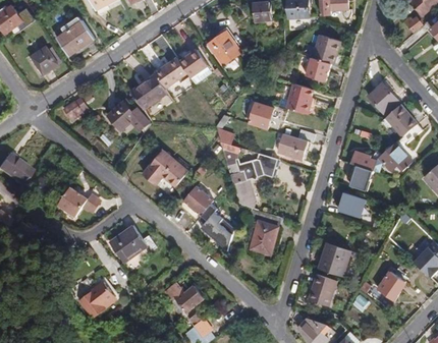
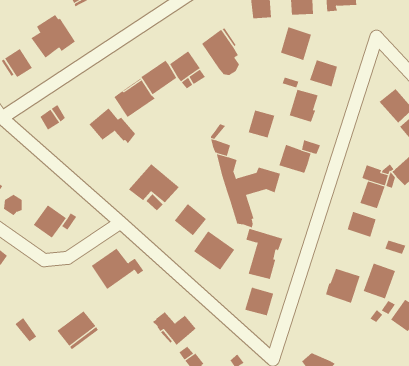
building: [312,34,340,64] -> [280,27,312,61]
building: none -> [244,287,274,316]
building: [308,273,337,305] -> [363,263,396,299]

